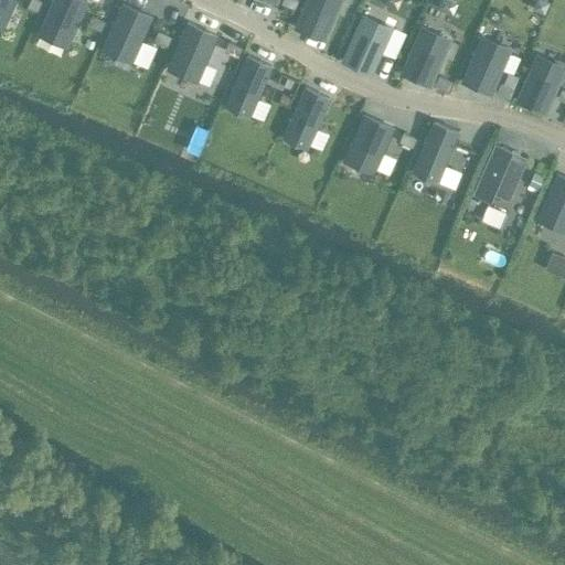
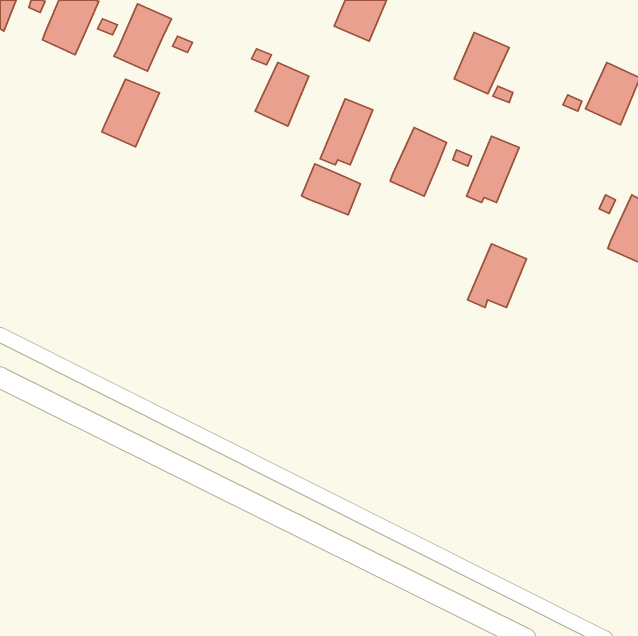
building: [343,19,392,73] -> none
building: [167,24,217,84] -> [102,79,159,147]
building: [465,40,512,95] -> none
building: [476,145,527,201] -> [468,244,526,307]
building: none -> [302,164,360,215]

